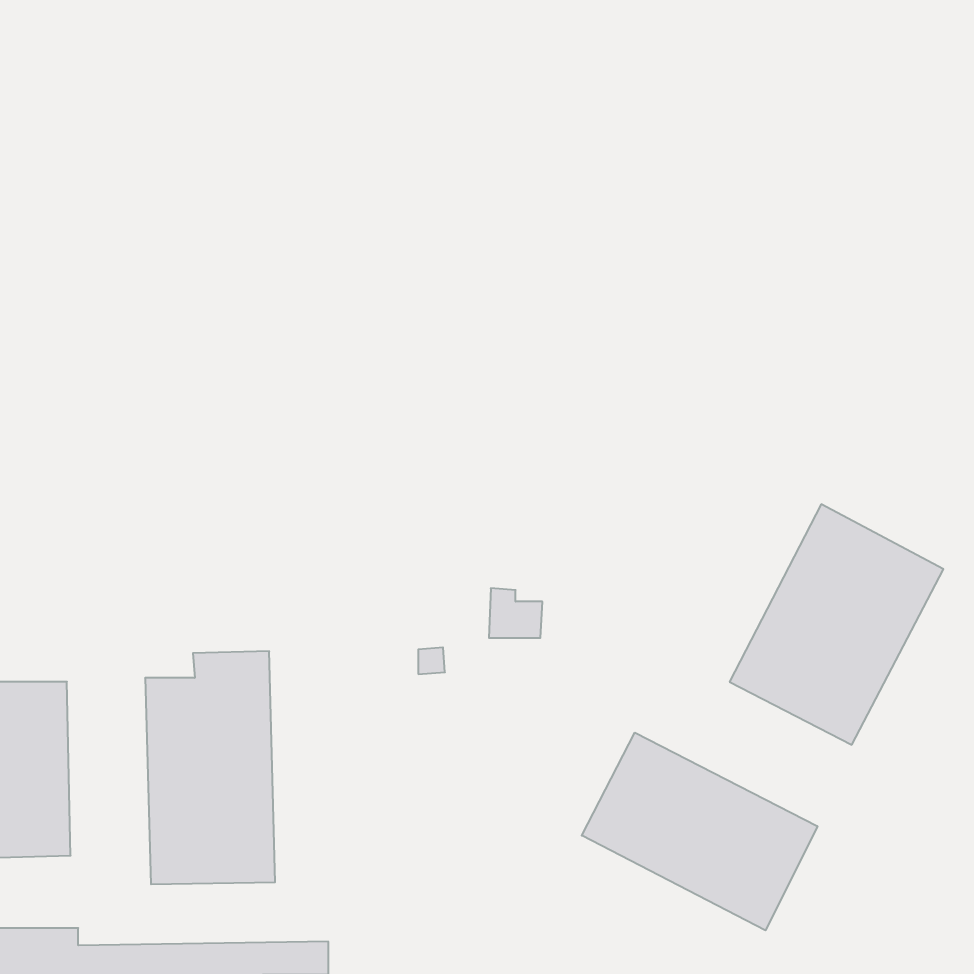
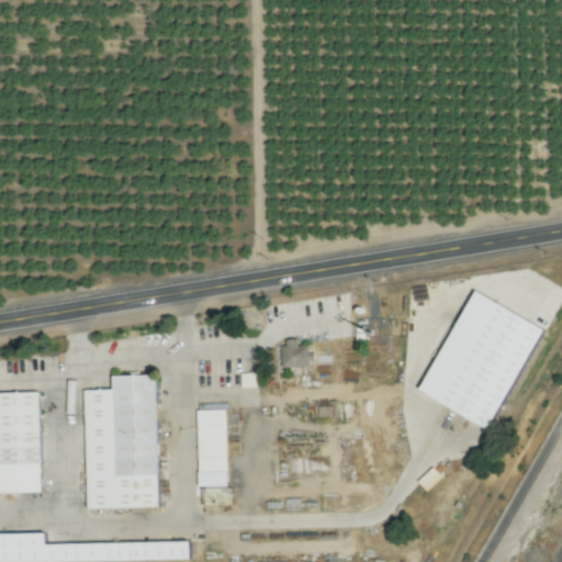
building: none -> [195,411,226,487]
building: [582,733,817,930] -> none

